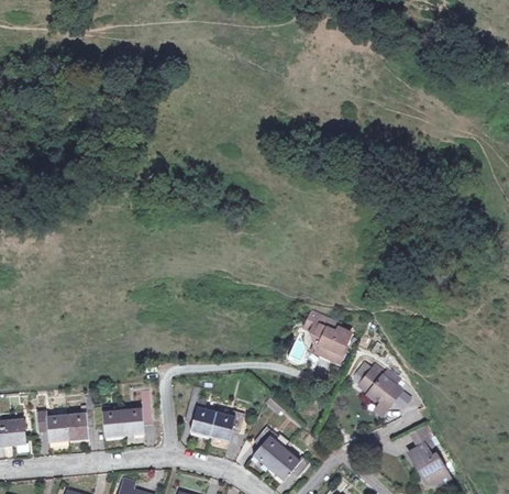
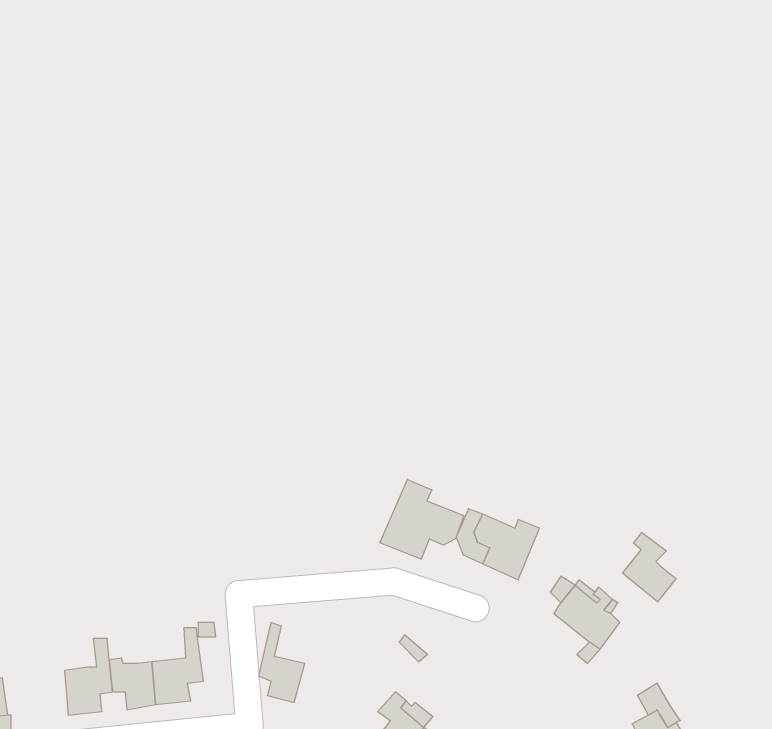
building: none -> [380,479,464,559]
building: none -> [622,532,676,602]
building: [201,413,239,442] -> none
building: [34,415,62,447] -> none

